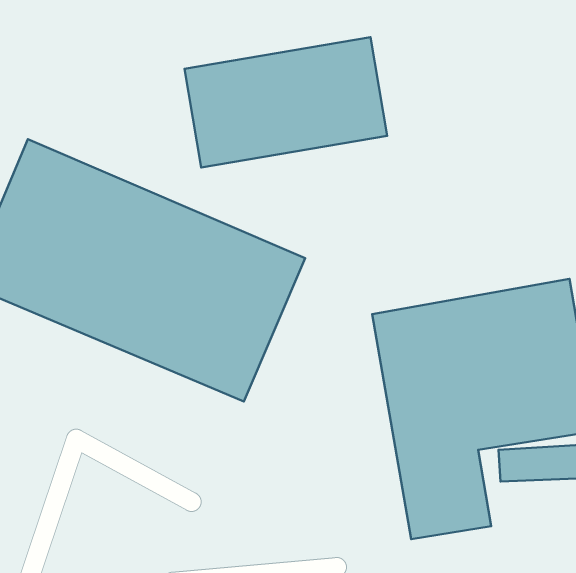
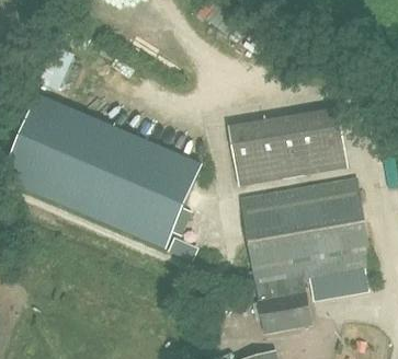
building: [184,37,387,167] -> [227,107,346,184]

